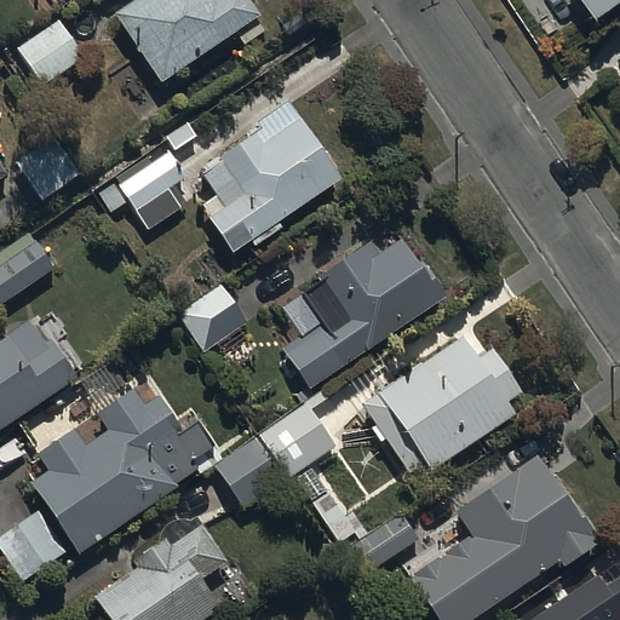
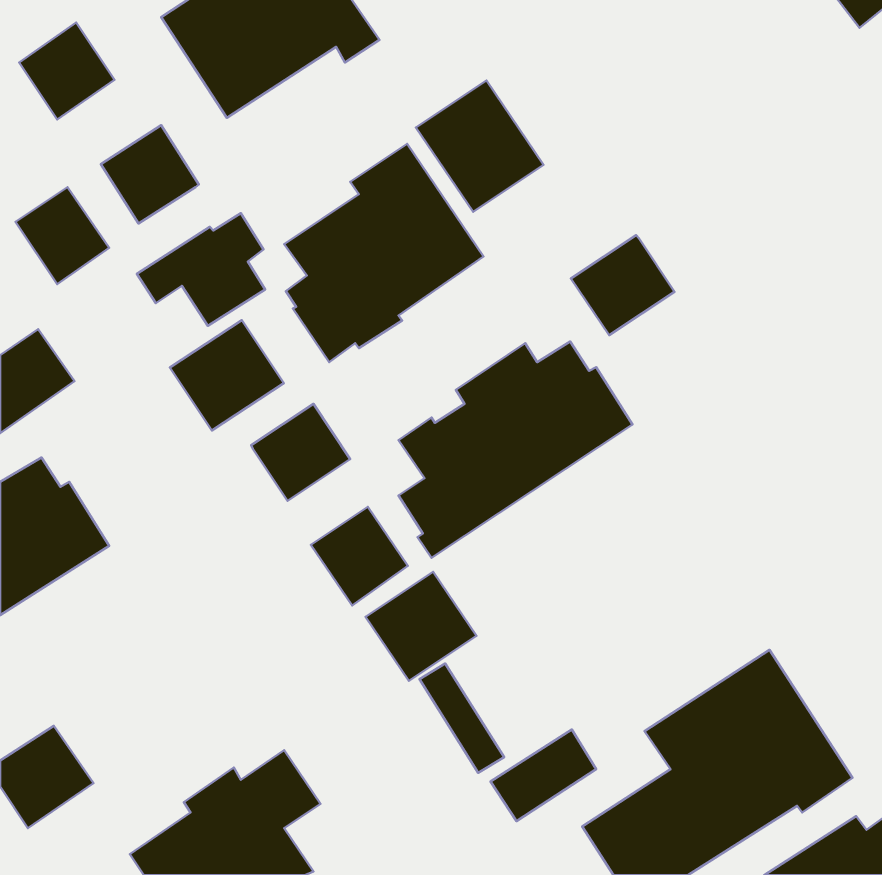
building: none -> [416,80,544,212]
building: none -> [101,125,199,223]
building: none -> [571,235,674,335]
building: none -> [170,320,284,431]
building: [361,338,522,473] -> none
building: [30,389,217,555] -> none
building: [214,437,282,506] -> [311,507,408,606]

